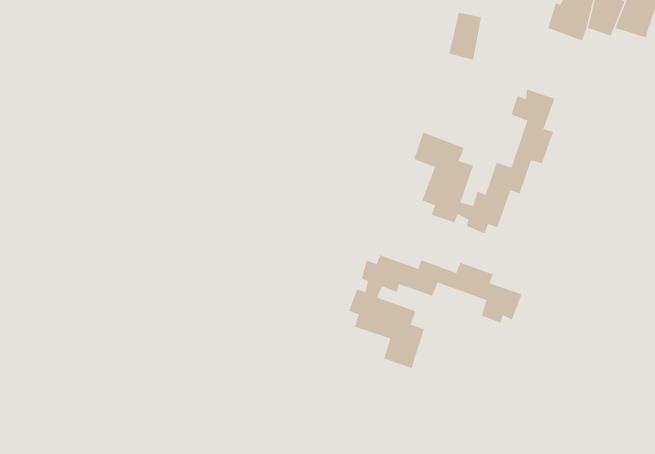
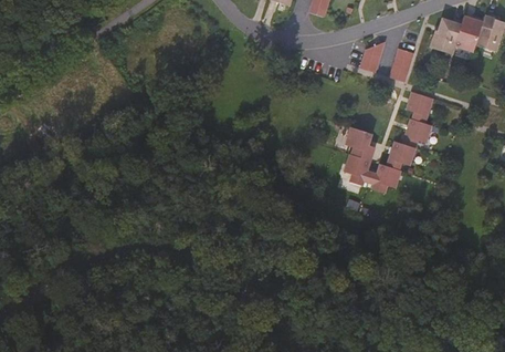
building: none -> [390,46,414,80]
building: [348,255,522,369] -> none

